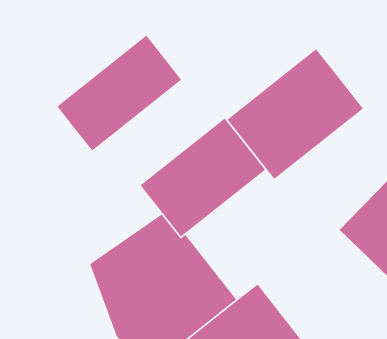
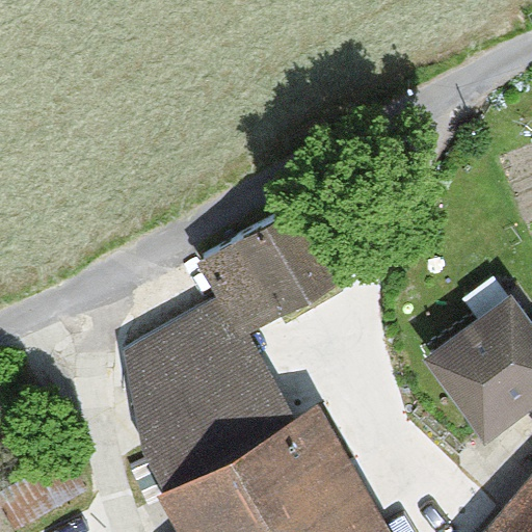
building: [56,35,182,152] -> none
building: [226,48,364,180] -> none

